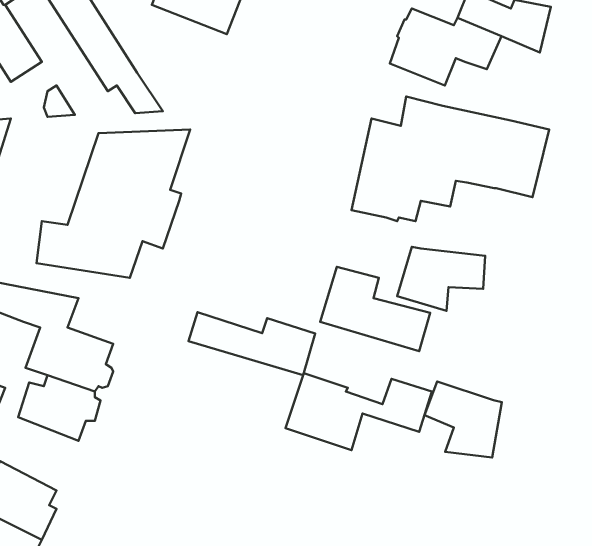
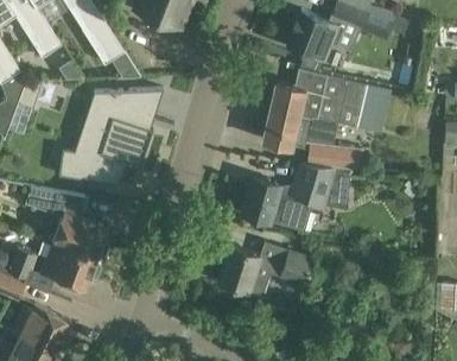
building: none -> [307,144,362,170]
building: [189,312,315,375] -> none
building: [424,382,502,457] -> none

